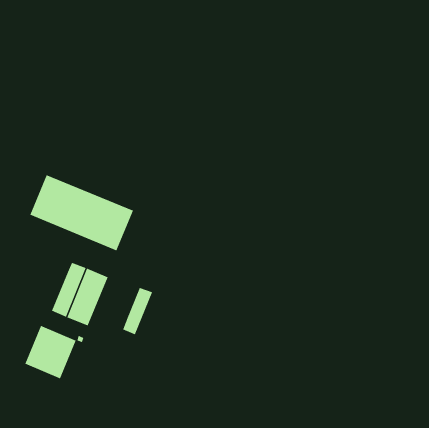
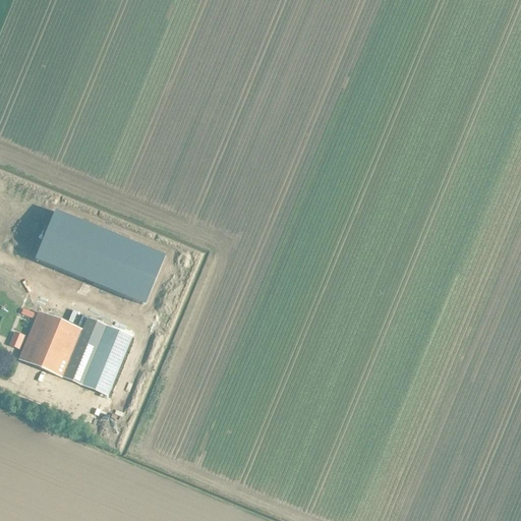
building: [122,287,153,335] -> none
building: [24,325,77,379] -> [19,310,82,375]

